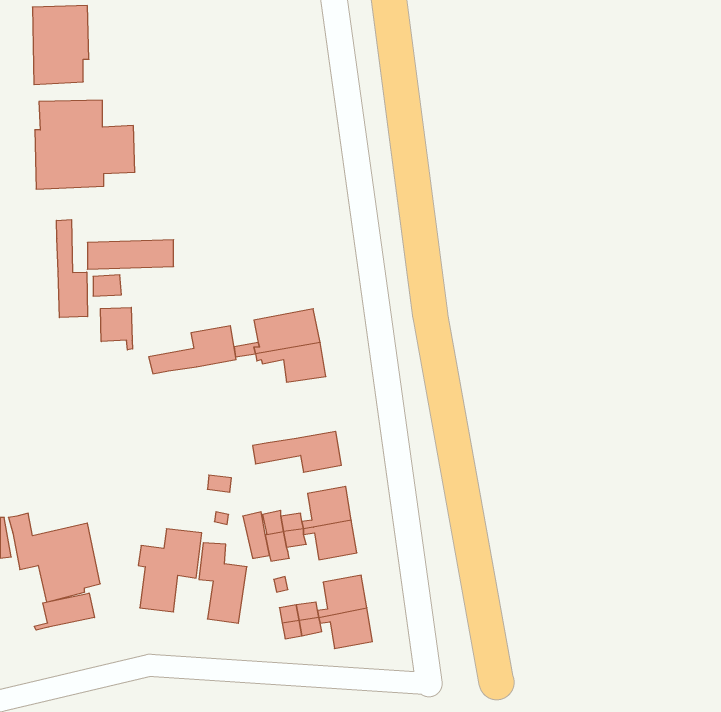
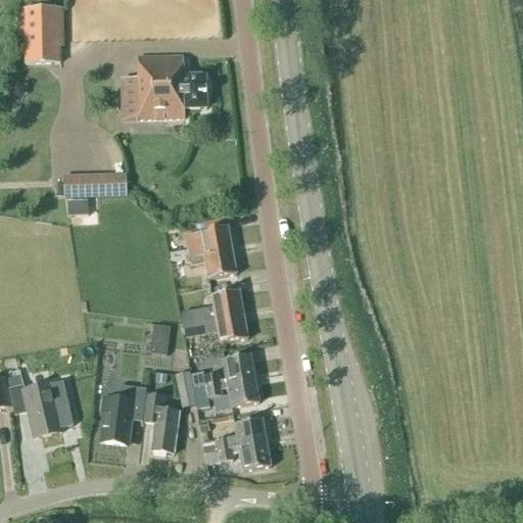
building: [35,100,135,189] -> [134,54,206,118]
building: [56,220,88,318] -> none
building: [100,307,133,350] -> none
building: [149,326,236,374] -> [180,288,243,323]
building: [34,593,94,630] -> none

